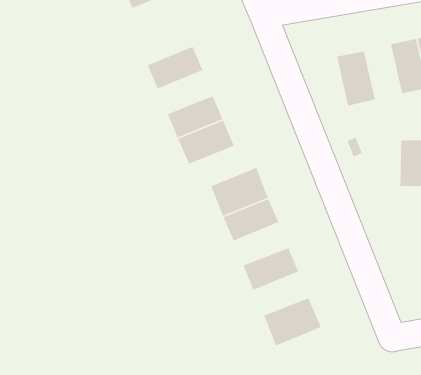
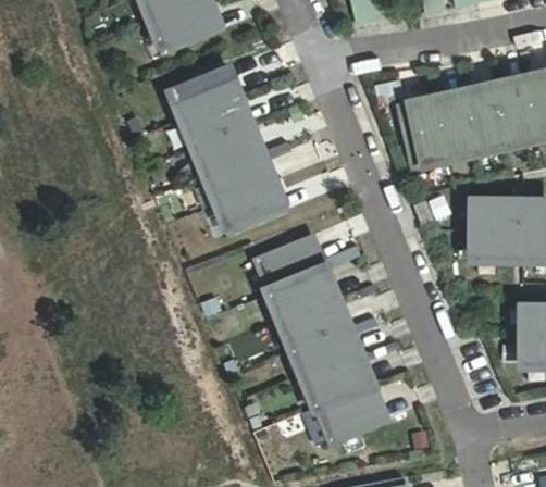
building: none -> [173,65,238,117]
building: none -> [435,93,477,158]
building: none -> [197,124,261,174]
building: none -> [284,299,348,348]
building: none -> [307,355,371,405]

